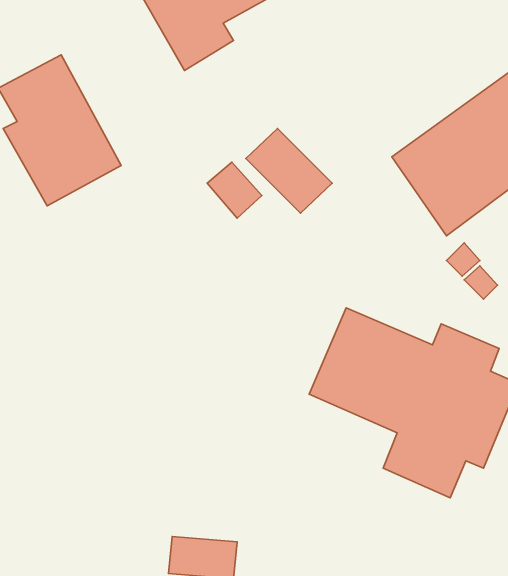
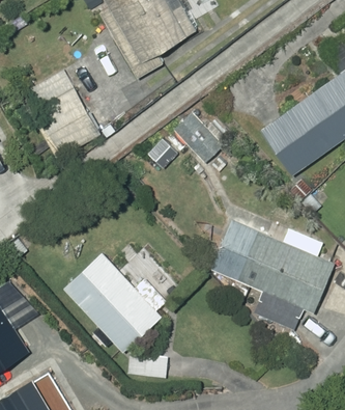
building: none -> [64,252,168,353]

